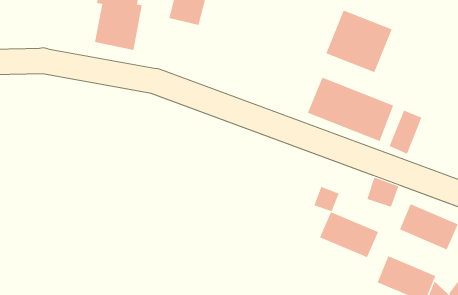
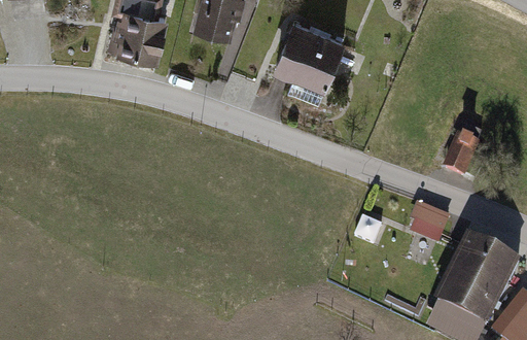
building: [325,10,392,73] -> [269,16,343,87]
building: [307,77,394,142] -> none
building: [319,211,379,258] -> [438,266,504,317]

